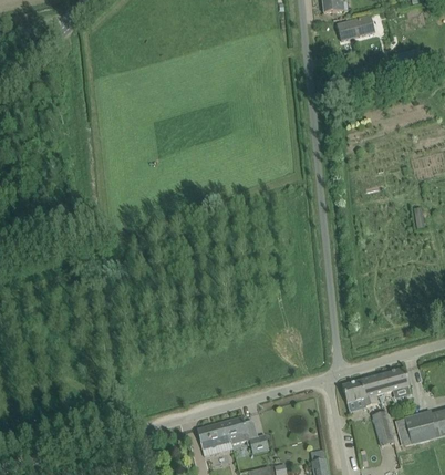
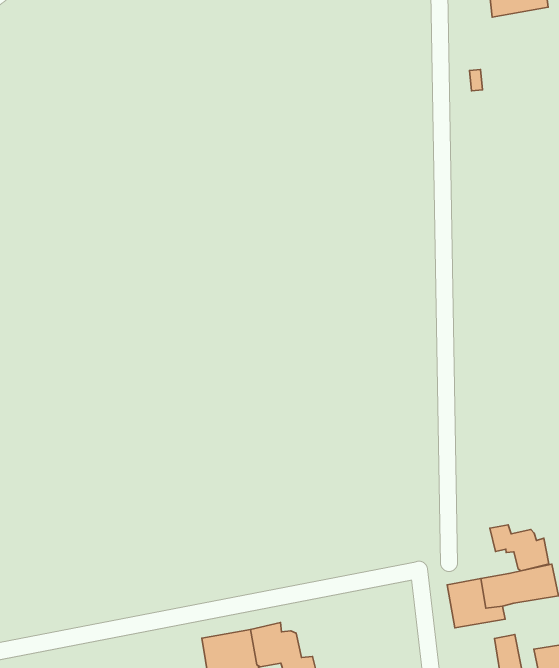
building: none -> [490,525,549,571]

